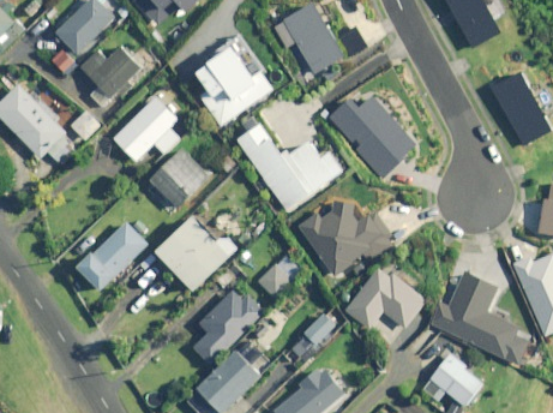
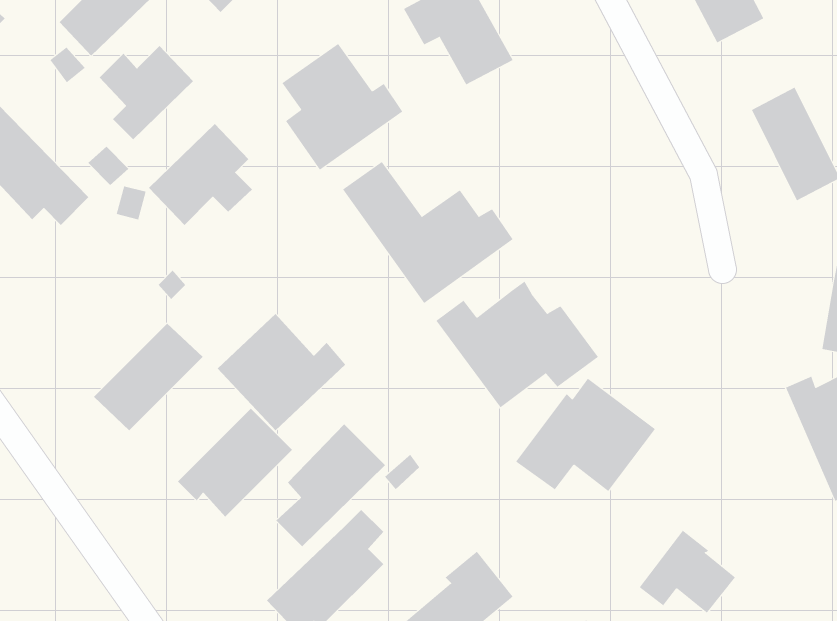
building: [336,100,413,173] -> none
building: [149,148,208,208] -> none
building: [258,264,291,298] -> none
building: [428,271,529,365] -> none
building: none -> [177,408,293,517]
building: [287,313,335,359] -> none

